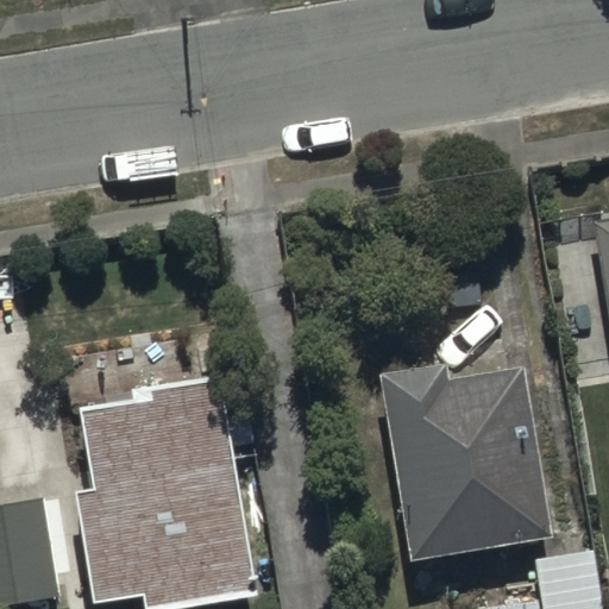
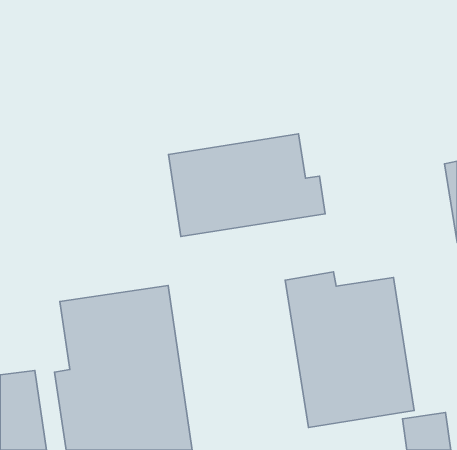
building: none -> [168,134,325,236]

